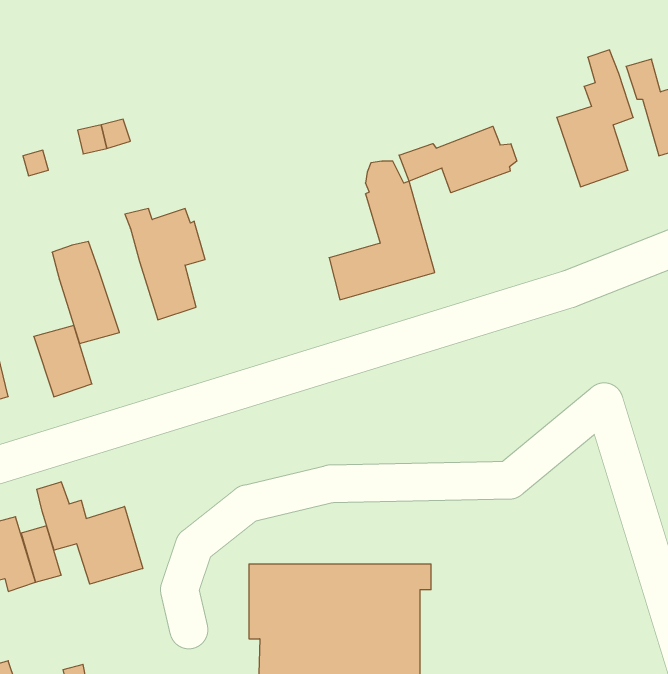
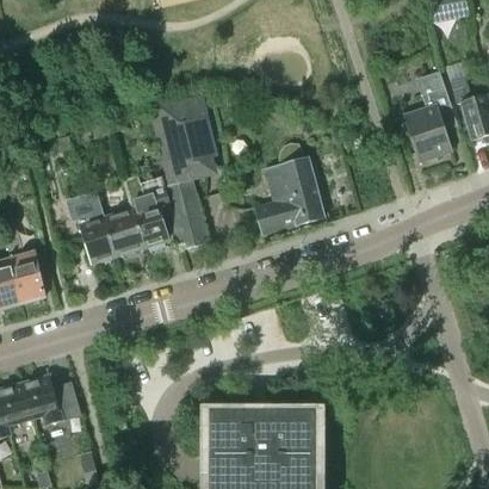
building: none -> [148,93,208,248]
building: [399,126,517,193] -> none
building: [34,326,92,397] -> [105,209,143,255]
building: [37,482,143,584] -> none

